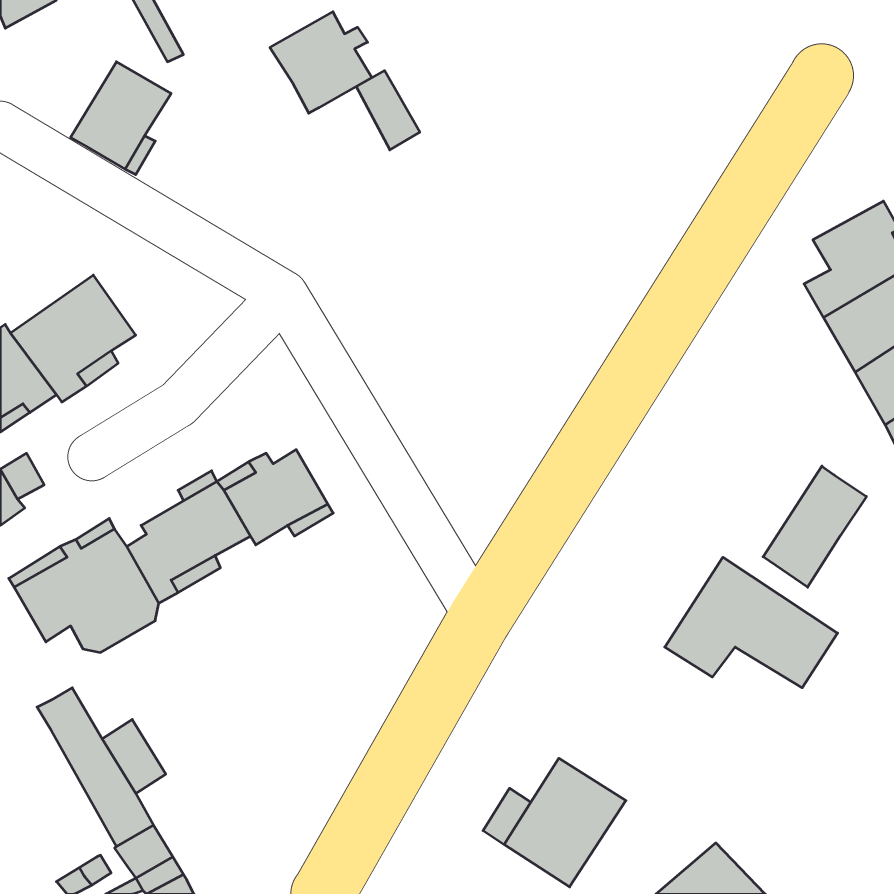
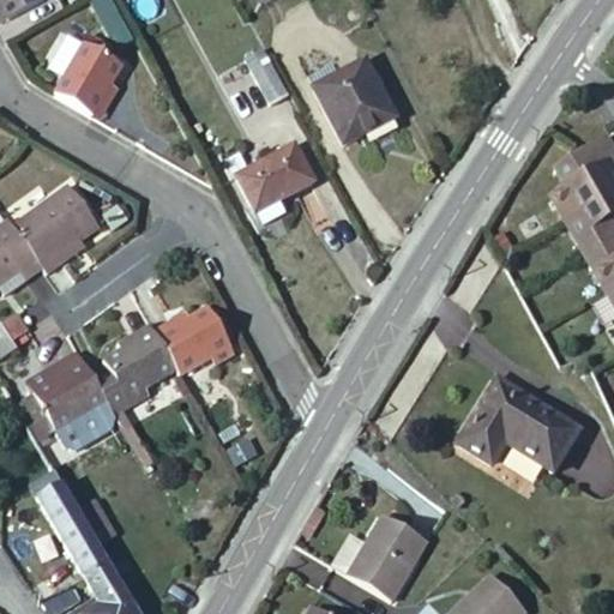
building: [270,12,372,113] -> none
building: none -> [314,59,392,143]
building: none -> [236,144,312,225]
building: [763,466,866,587] -> none

